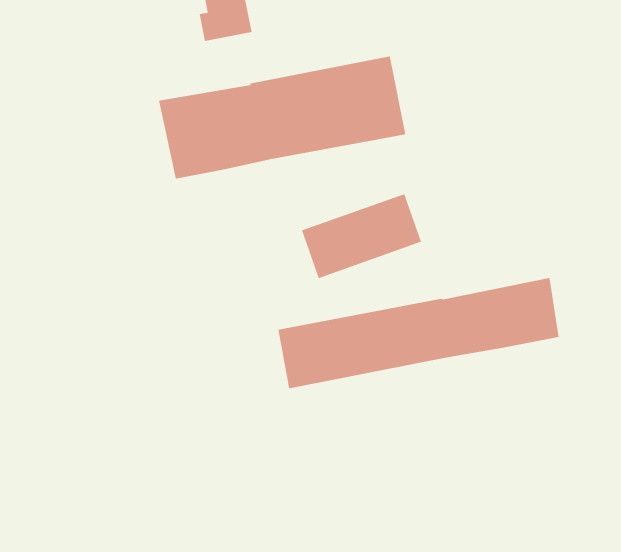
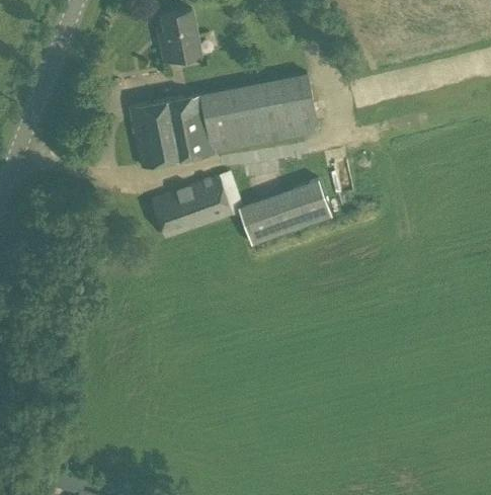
building: none -> [150,177,232,241]
building: [278,277,559,389] -> none

